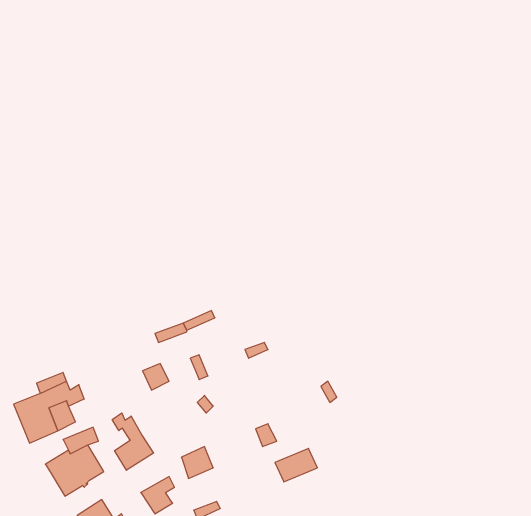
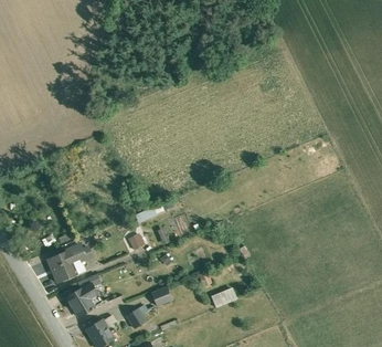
building: [112,413,154,470] -> none

